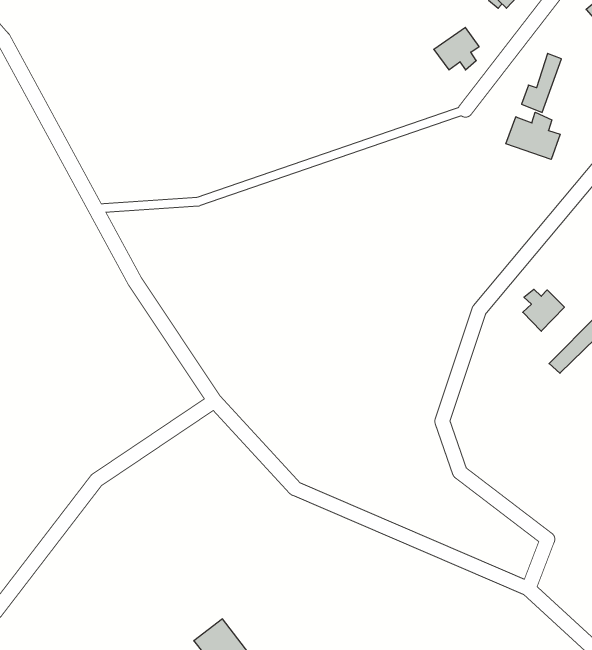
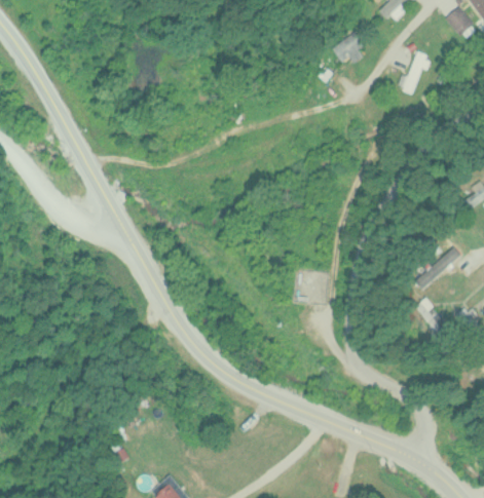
building: [506,112,560,159] -> none
building: [523,289,564,331] -> none

